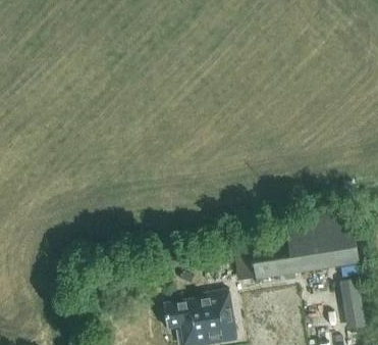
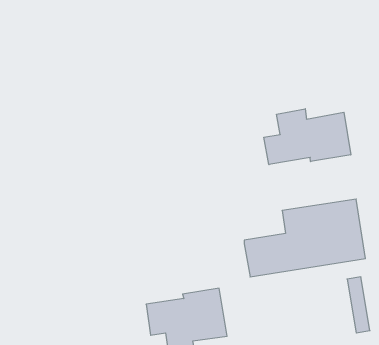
building: none -> [264,109,351,165]

